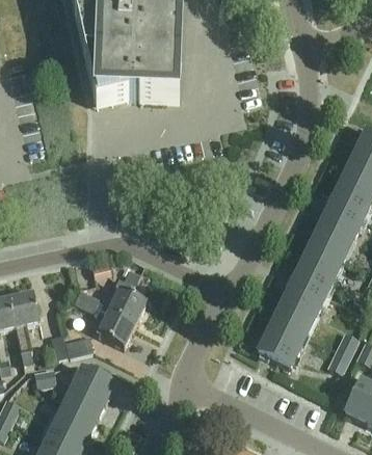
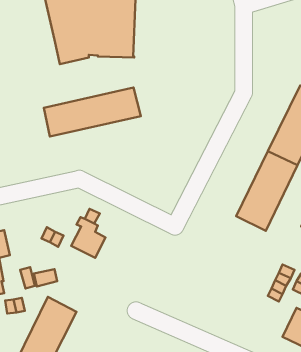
building: none -> [44,87,141,136]
building: [258,275,326,366] -> none
building: [98,309,135,345] -> none

